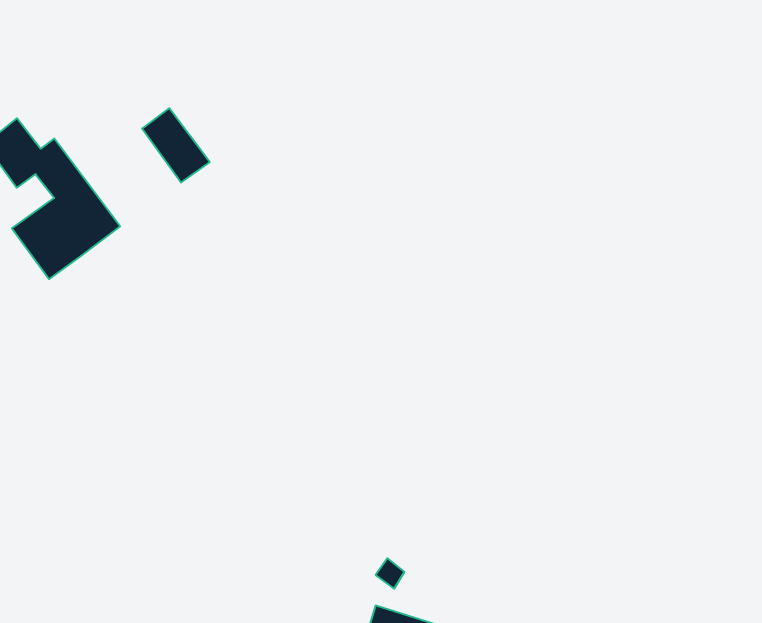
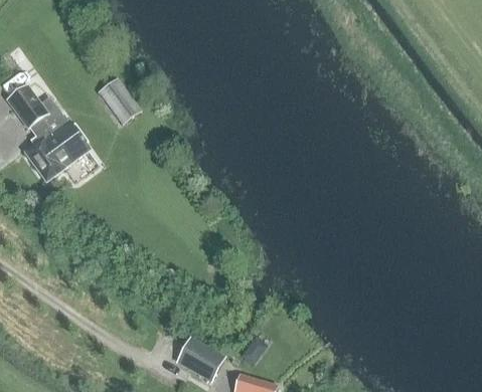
building: none -> [178,339,224,379]

